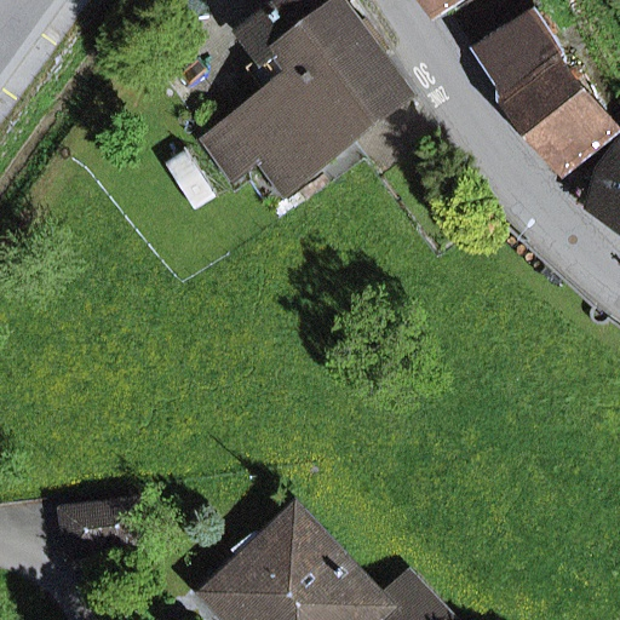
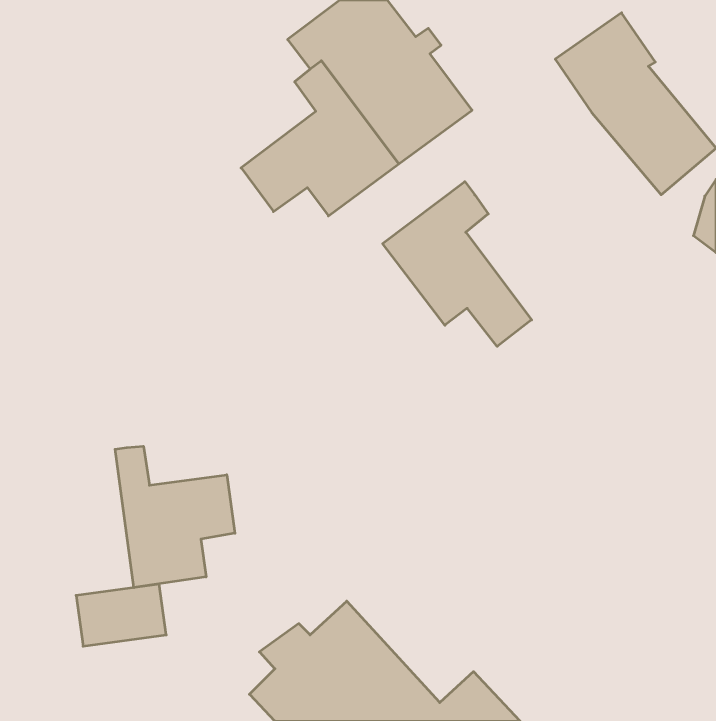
building: none -> [383,182,532,346]
building: none -> [115,446,235,588]

